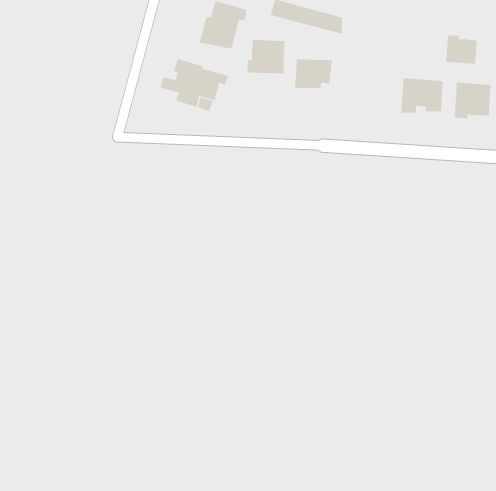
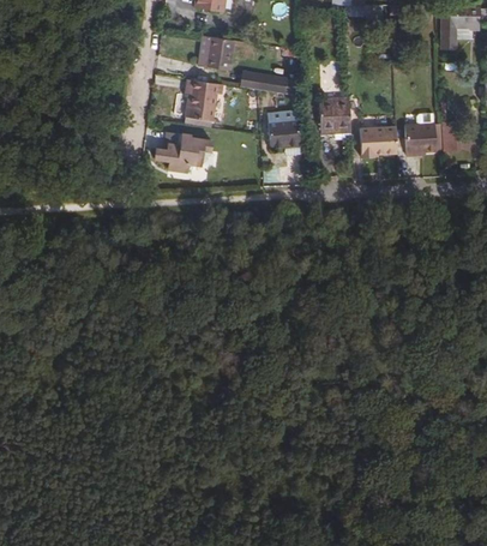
building: [446,35,477,64] -> none
building: [247,39,285,74] -> none
building: none -> [317,103,349,137]

